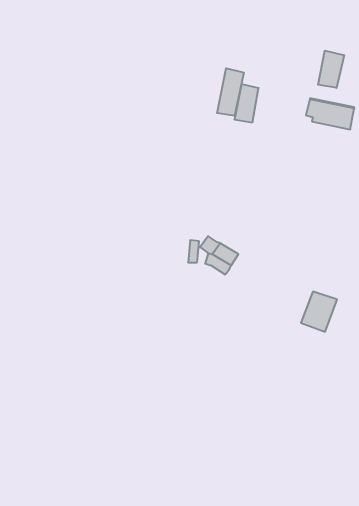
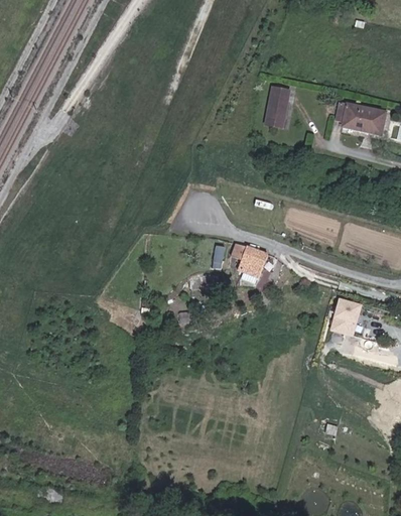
building: [318,51,344,88] -> none
building: [217,68,244,116] -> none

